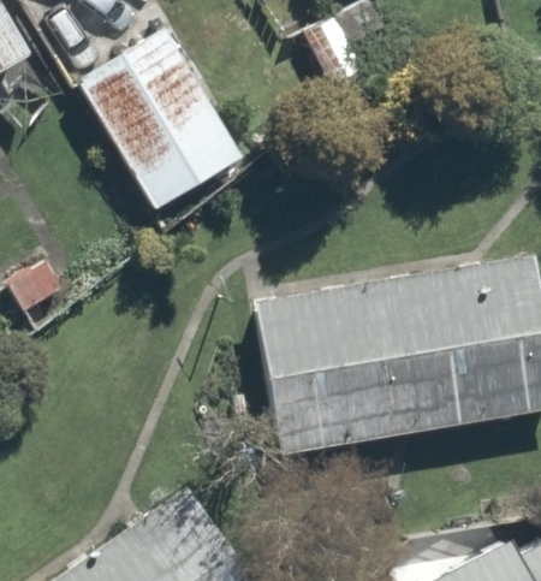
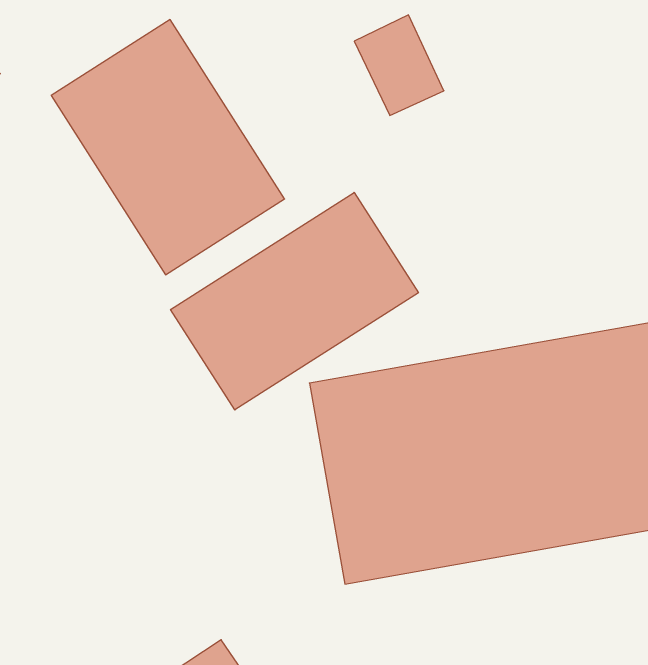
building: none -> [171,192,418,410]

